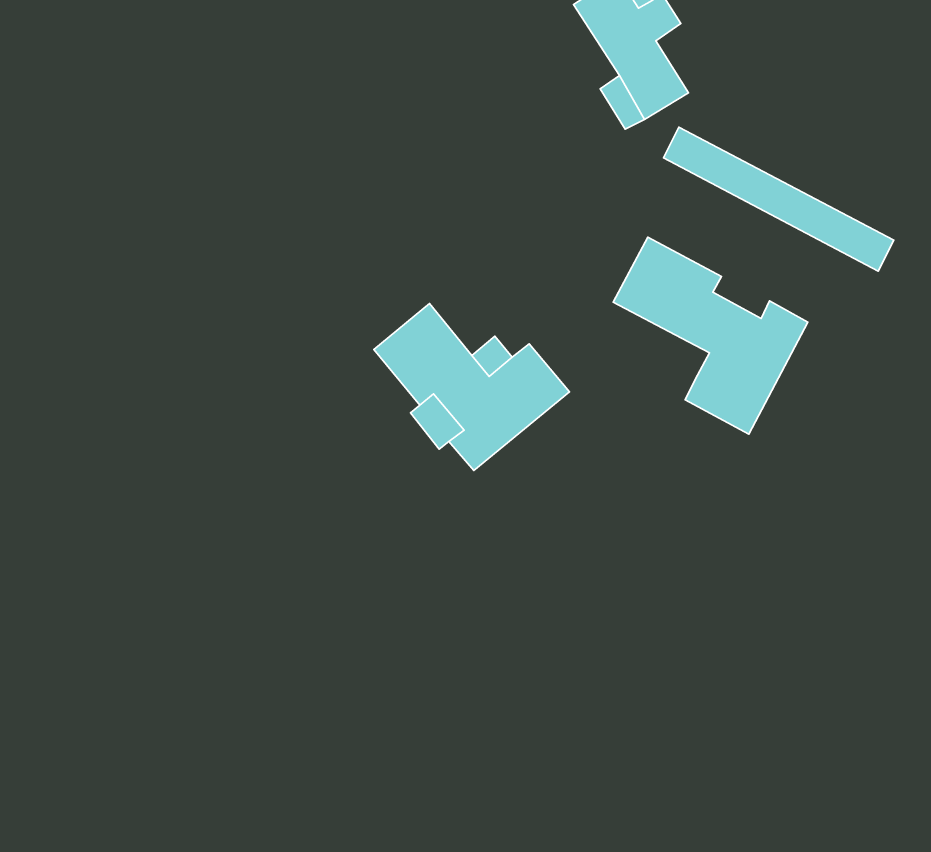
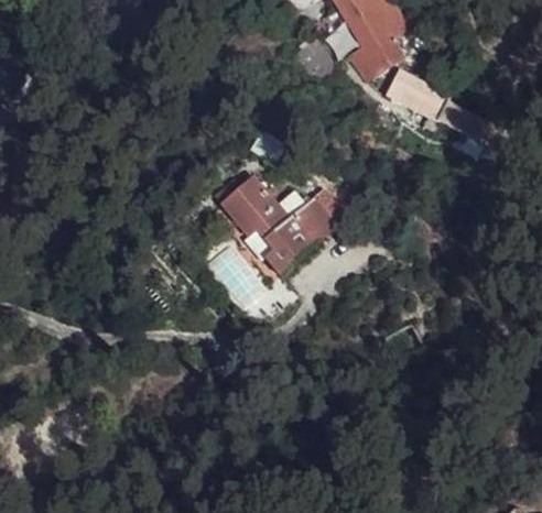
building: [613,237,808,434] -> none

